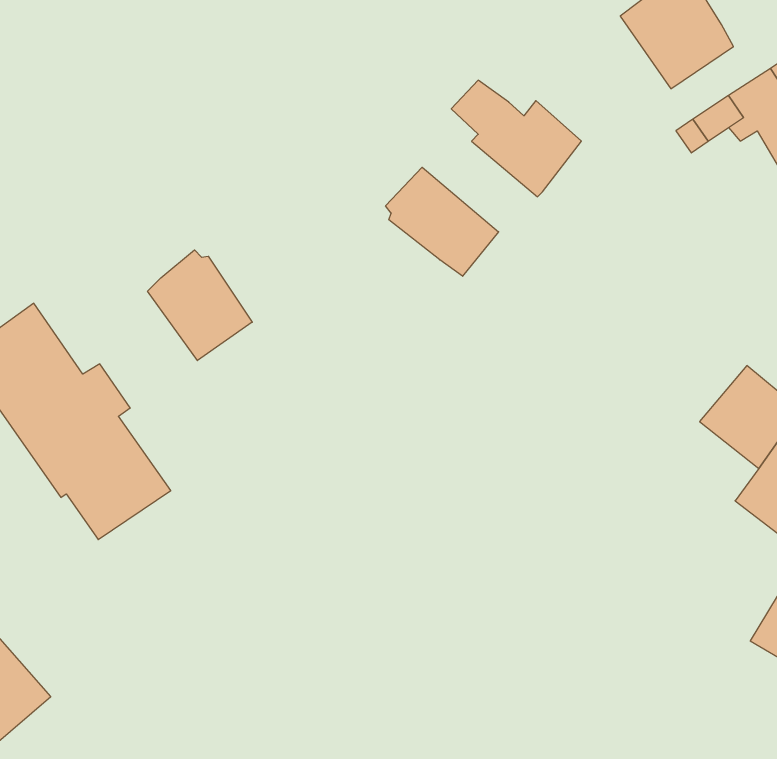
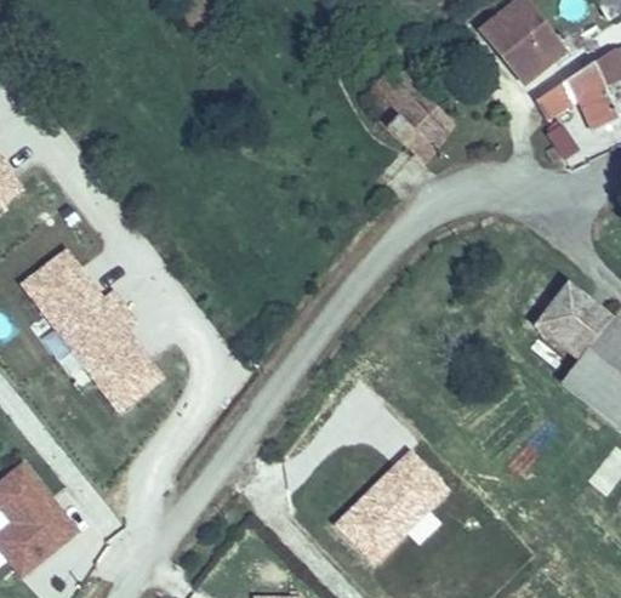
building: [386,167,499,276] -> none
building: [148,250,252,361] -> none
building: none -> [327,449,440,562]

